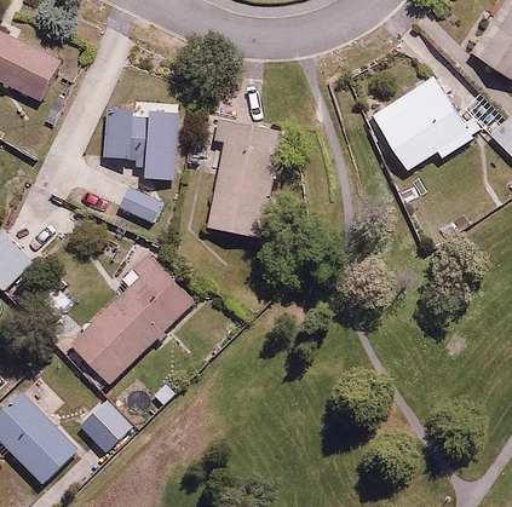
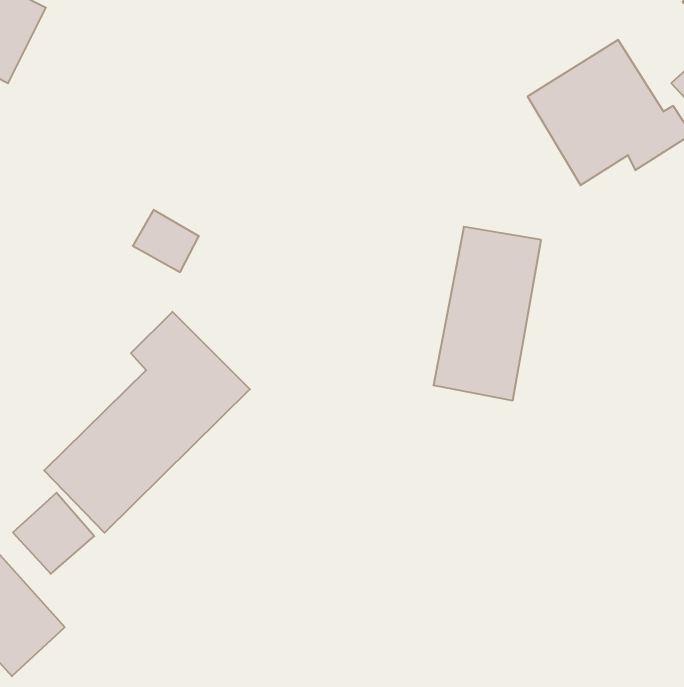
building: [100,102,177,179] -> none
building: [209,125,278,236] -> [433,227,541,400]
building: [79,399,131,451] -> [13,493,94,574]

